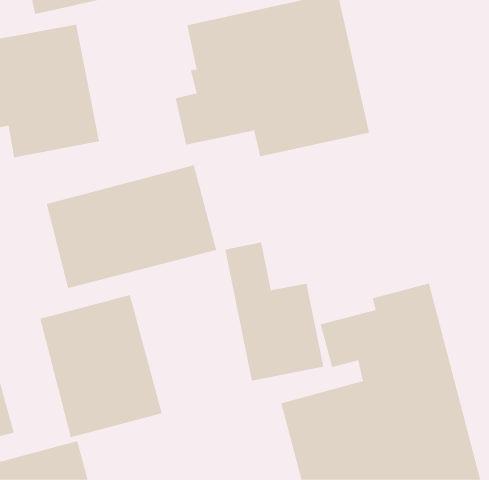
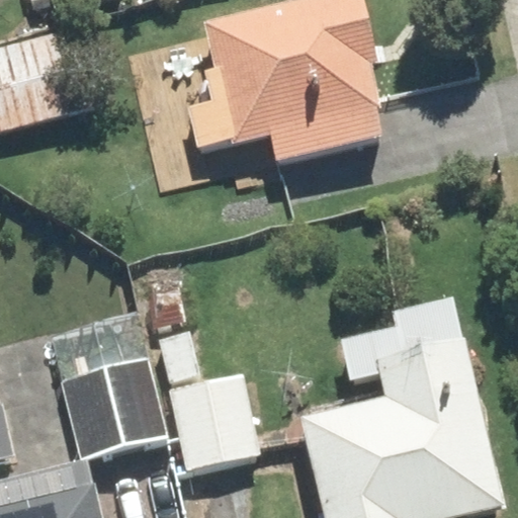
building: [46,165,217,289] -> none
building: [224,242,324,381] -> [156,326,261,472]

